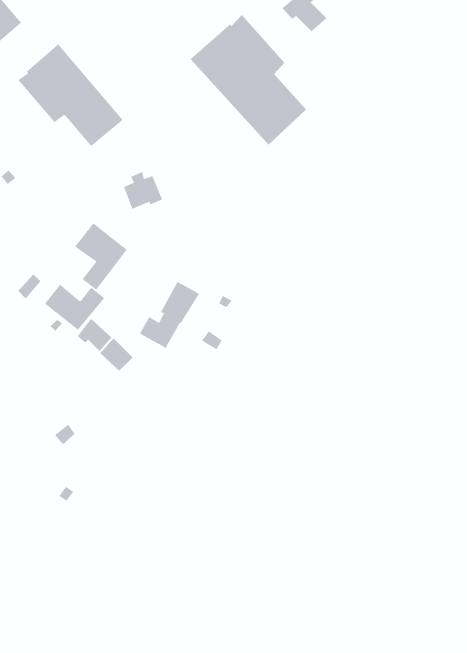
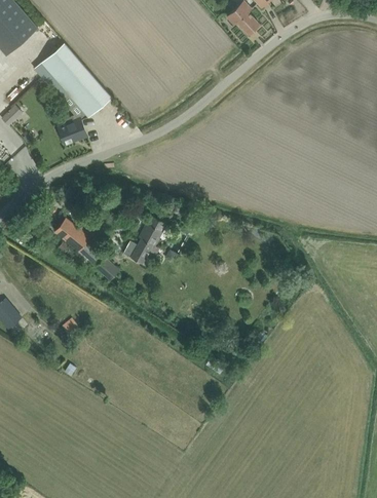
building: [190,14,307,146] -> none
building: [123,171,163,209] -> [58,116,86,144]
building: [74,223,127,291] -> none

